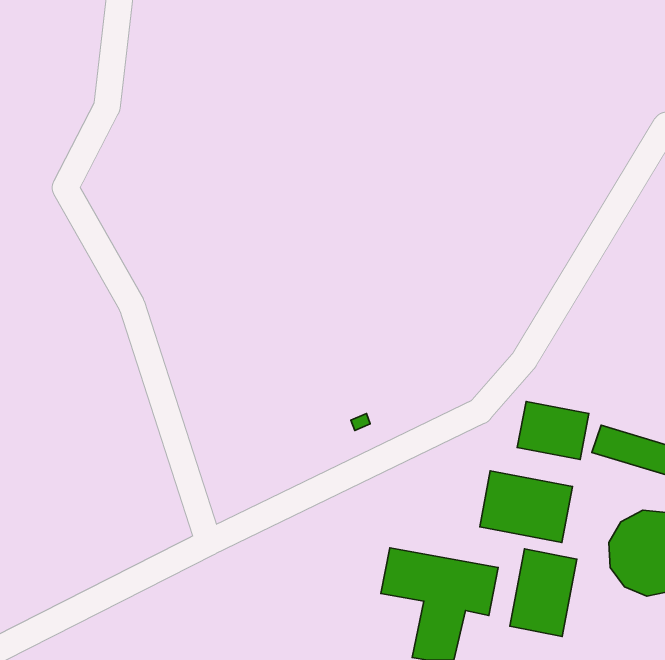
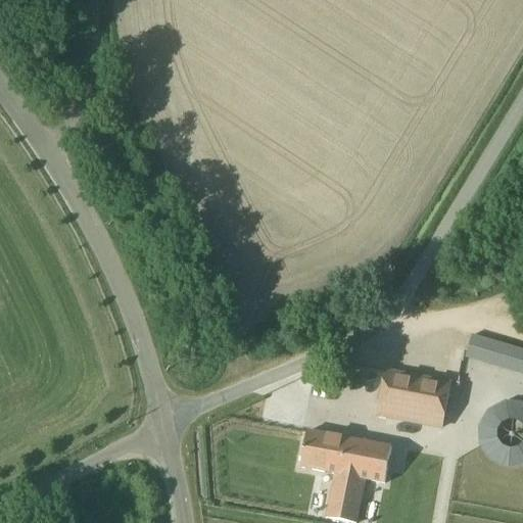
building: [517,401,589,459] -> none
building: [510,549,577,636] -> none

